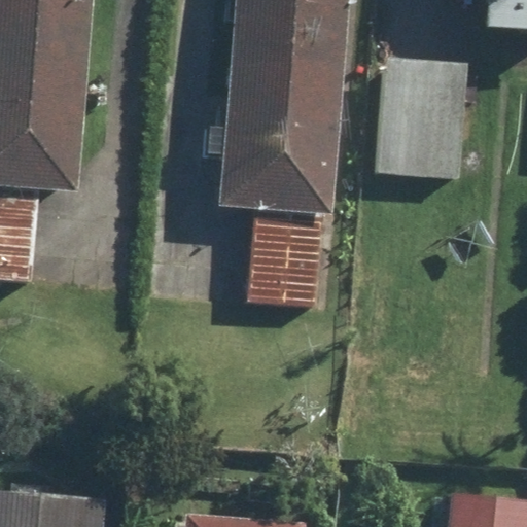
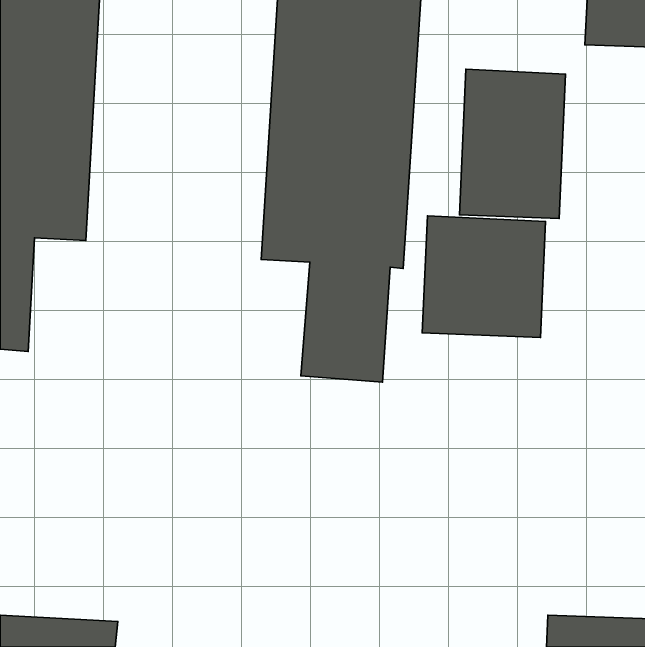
building: none -> [422,216,546,338]

